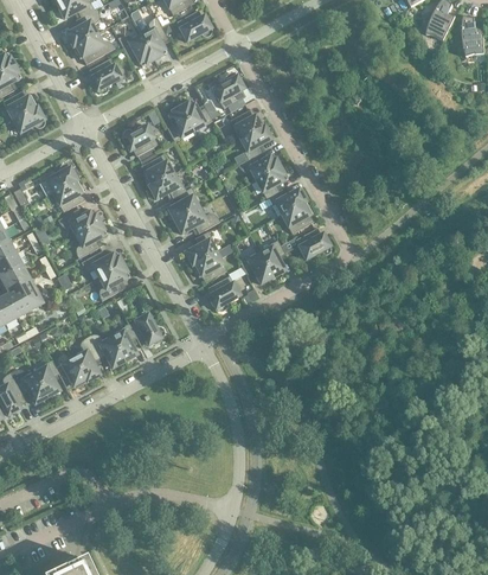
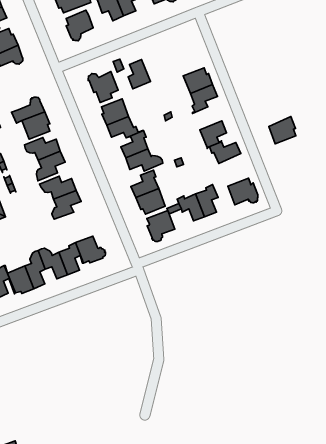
building: [212,72,244,113] -> none
building: [179,100,211,130] -> none
building: [237,152,278,179] -> none
building: [281,200,313,234] -> [269,116,296,144]

